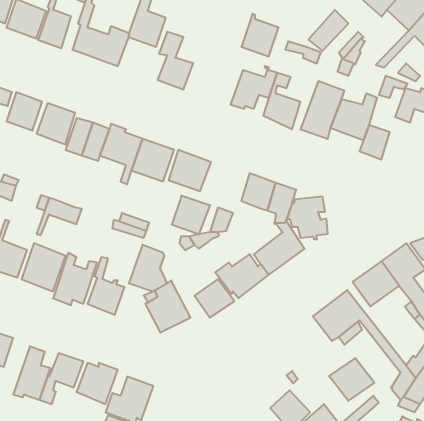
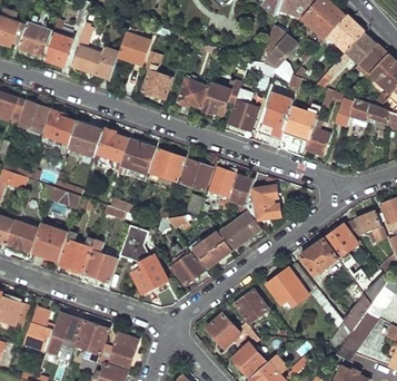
building: [241,14,279,56] -> [177,76,207,110]
building: [172,196,210,234] -> [181,159,212,190]
building: none -> [205,313,239,348]
building: [329,358,374,401] -> [234,289,270,323]

